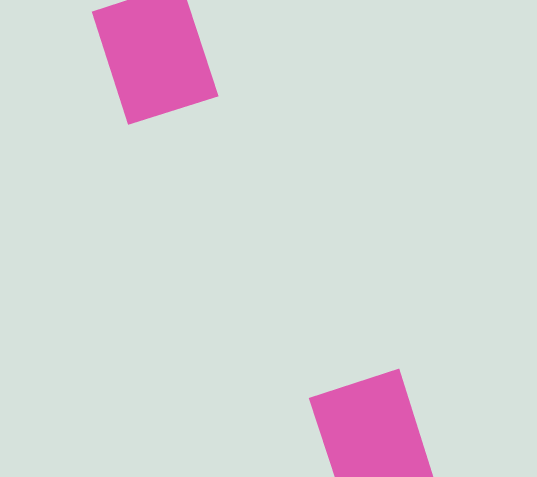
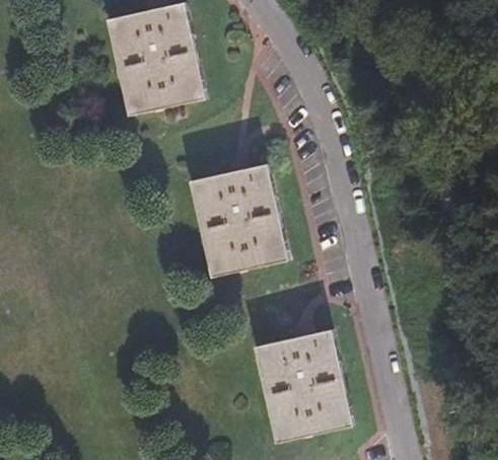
building: none -> [188,161,288,277]

